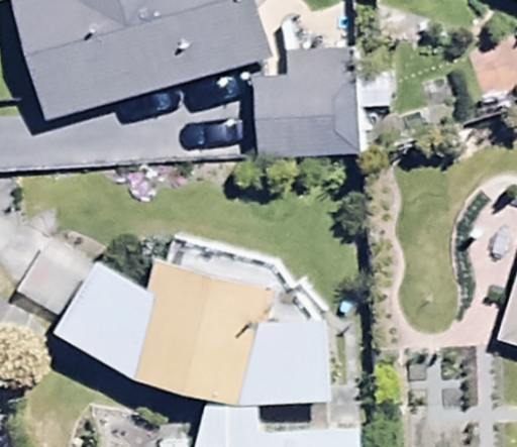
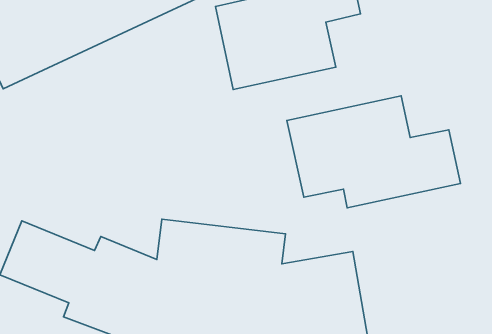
building: none -> [287,96,461,208]

